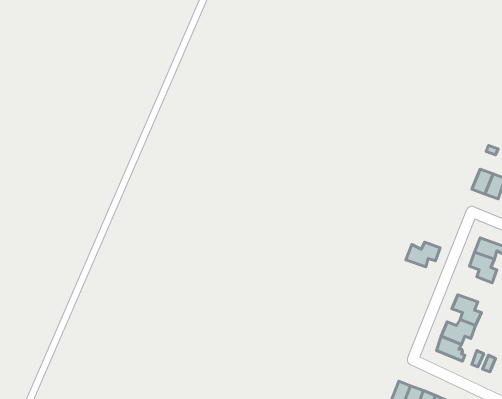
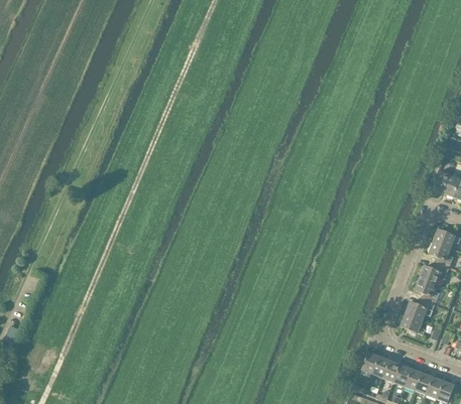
building: [406,242,440,267] -> [420,263,449,284]

